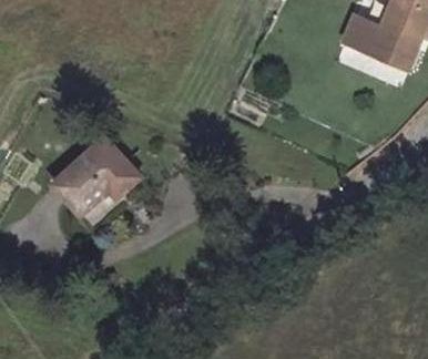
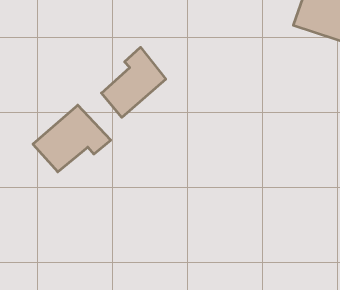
building: none -> [101,47,166,117]

